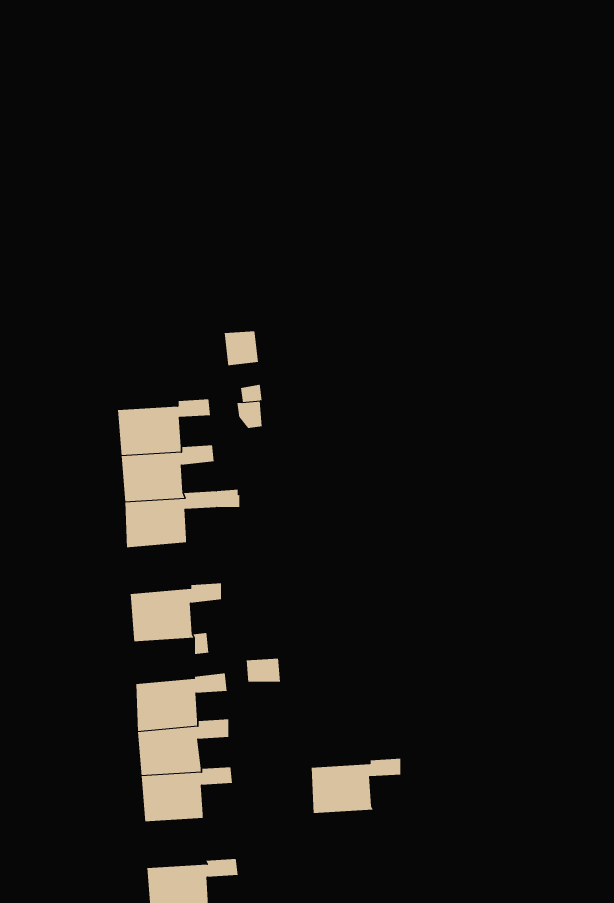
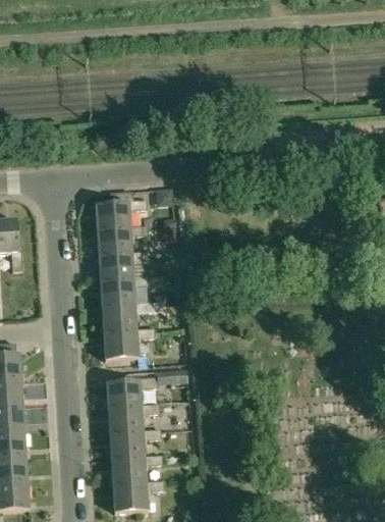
building: none -> [95,196,146,228]
building: none -> [101,298,166,330]
building: [311,758,401,813] -> [111,452,161,482]

